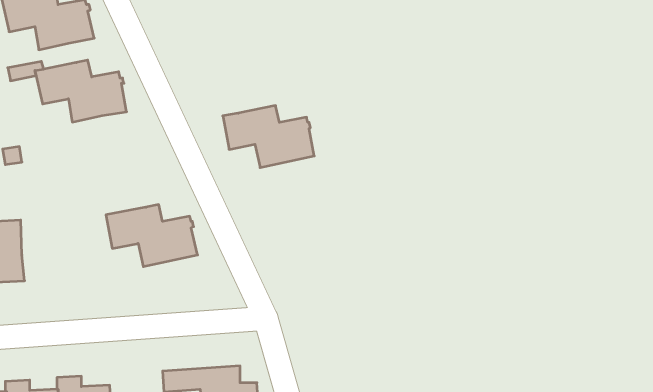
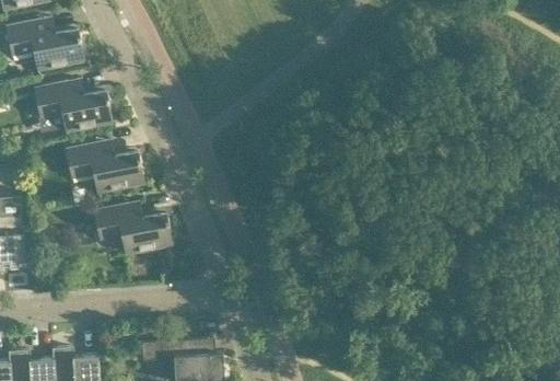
building: [223,106,314,168] -> [65,140,142,193]

